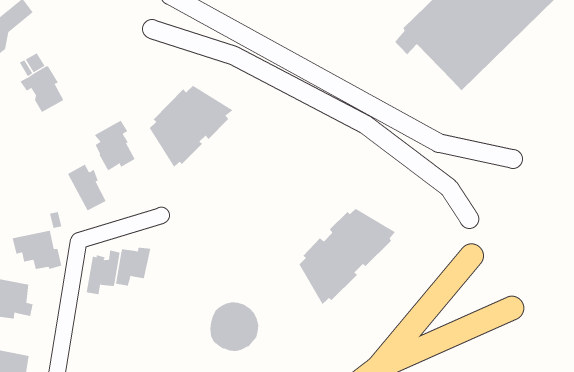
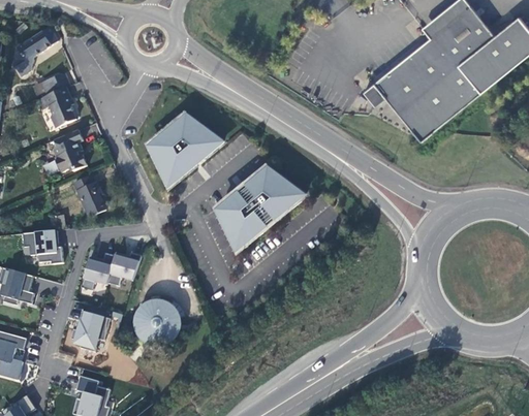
building: [94,120,135,171] -> [52,130,86,173]
building: [298,208,396,305] -> [217,169,304,251]
building: [209,302,259,351] -> [135,300,179,344]
building: none -> [70,311,110,351]

